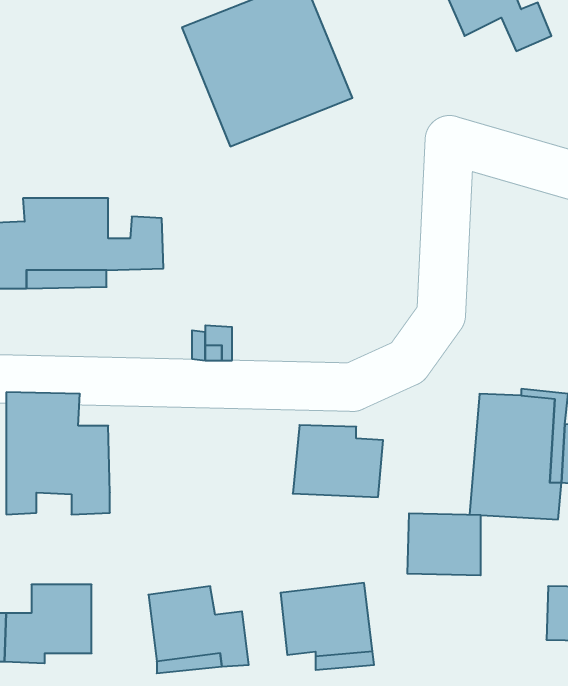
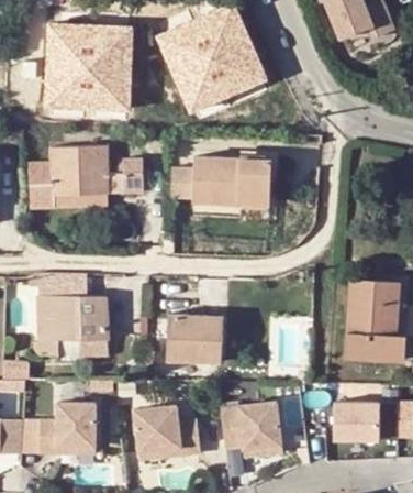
building: none -> [44,25,132,111]
building: none -> [171,156,271,204]
building: [293,425,383,497] -> [164,314,223,361]
building: [407,513,481,575] -> [331,403,379,443]

